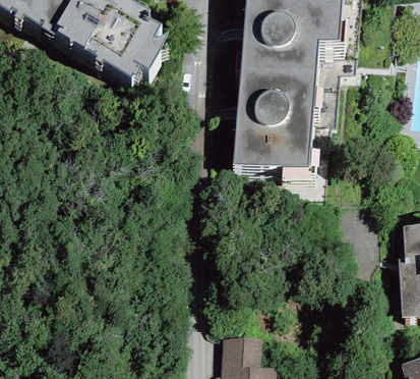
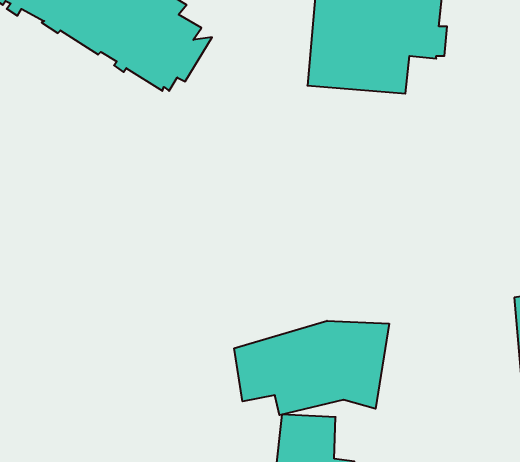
building: [234,88,316,197] -> none
building: none -> [234,321,389,415]

